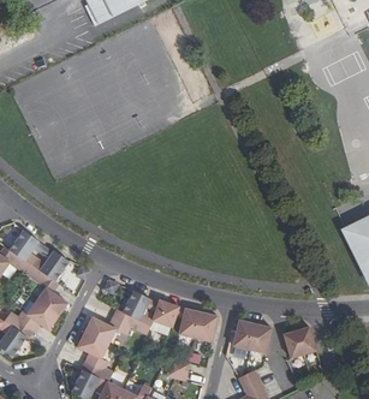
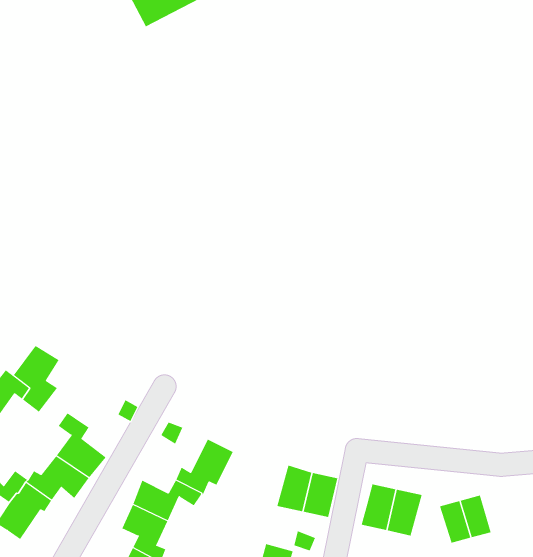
building: [25,250,69,281] -> none
building: [131,298,179,333] -> none

